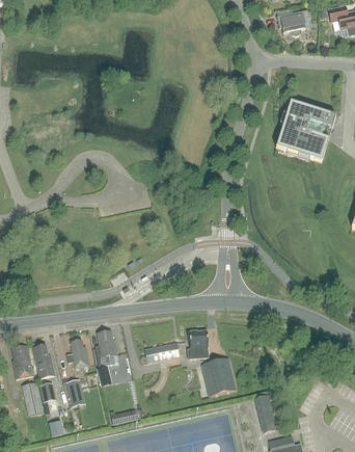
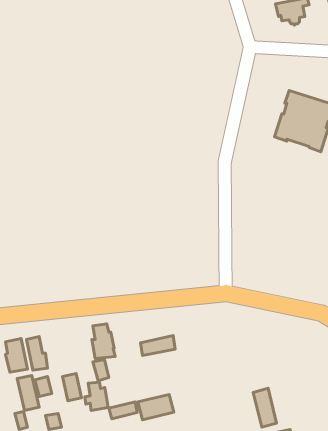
building: [187,328,208,356] -> none
building: [66,339,89,367] -> [85,382,108,411]
building: [200,356,236,395] -> none
building: none -> [138,394,174,420]

